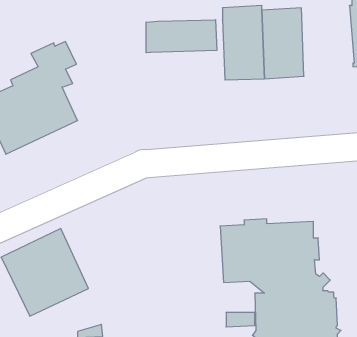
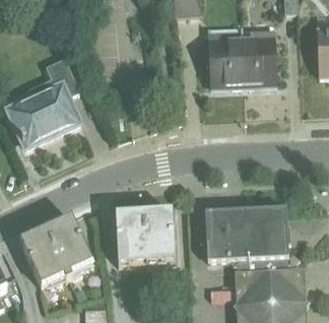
building: [146,20,217,53] -> none
building: none -> [115,209,175,263]

